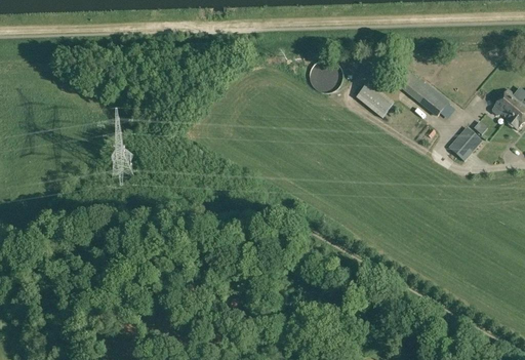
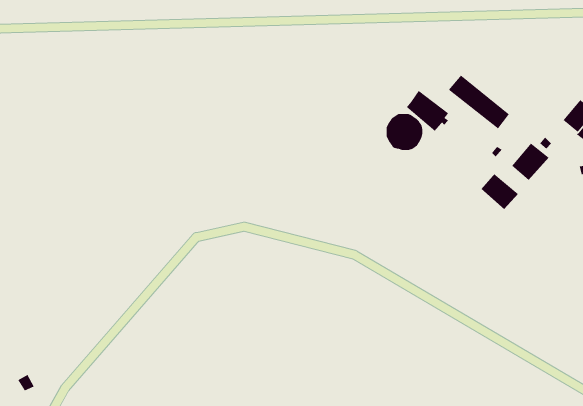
building: [310,59,342,92] -> [386,113,423,151]
building: none -> [481,173,519,210]

